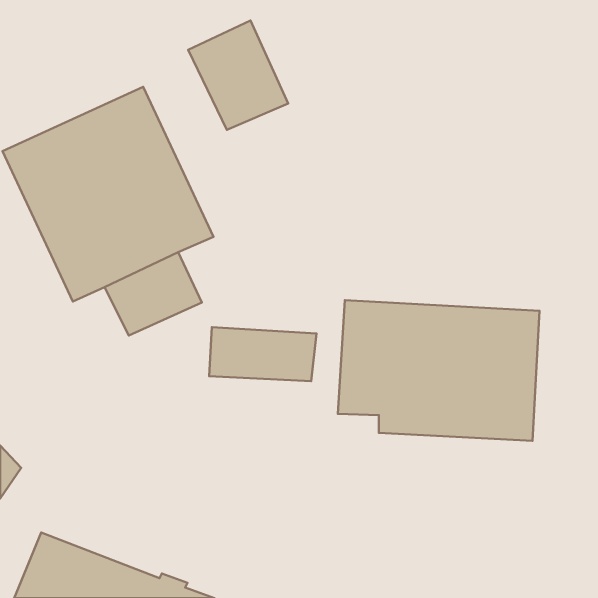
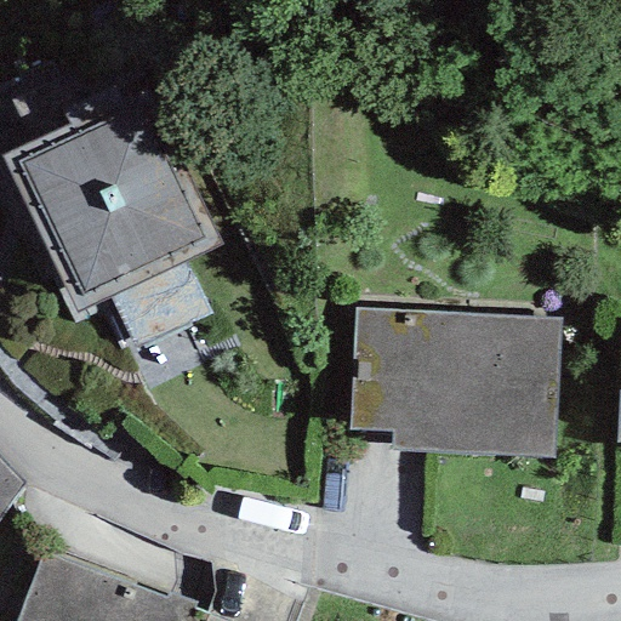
building: [188,21,288,130] -> none
building: [209,327,316,381] -> none

